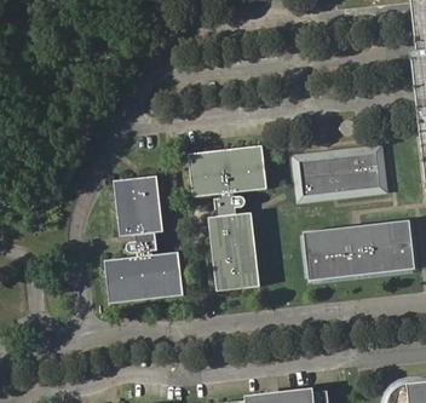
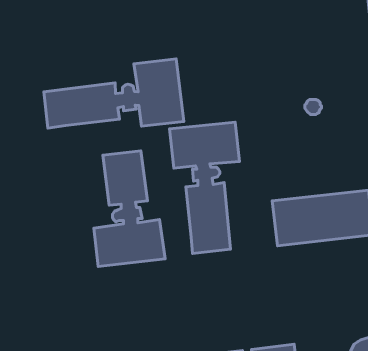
building: none -> [44,59,184,128]
building: [292,143,388,203] -> none

